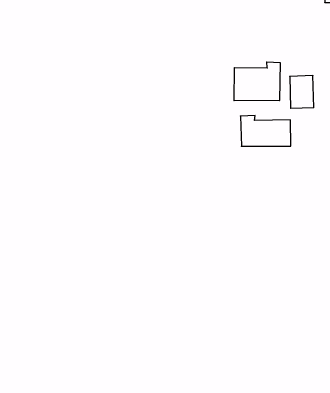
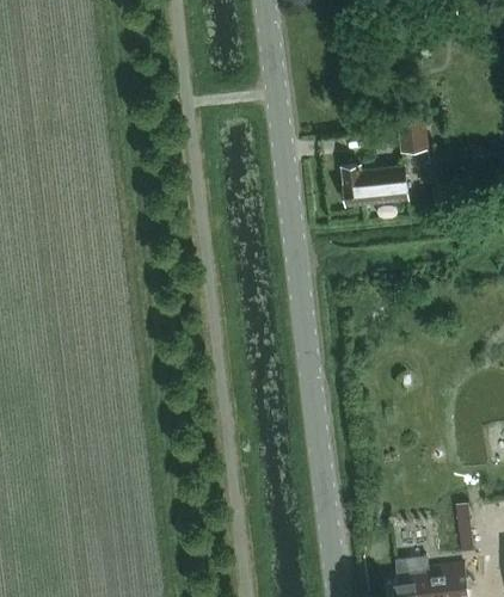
building: [234,62,280,101] -> none

